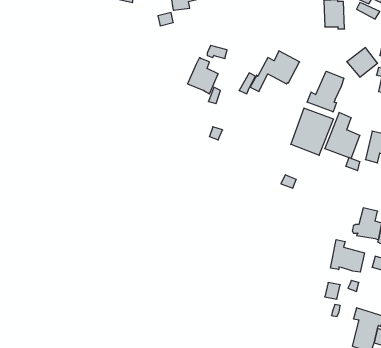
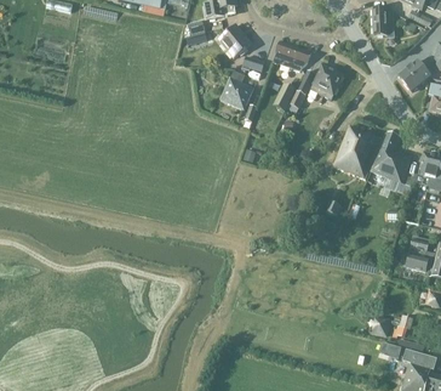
building: none -> [218,24,251,56]
building: none -> [273,40,311,69]
building: [307,71,344,112] -> none
building: [331,240,364,272] -> none

